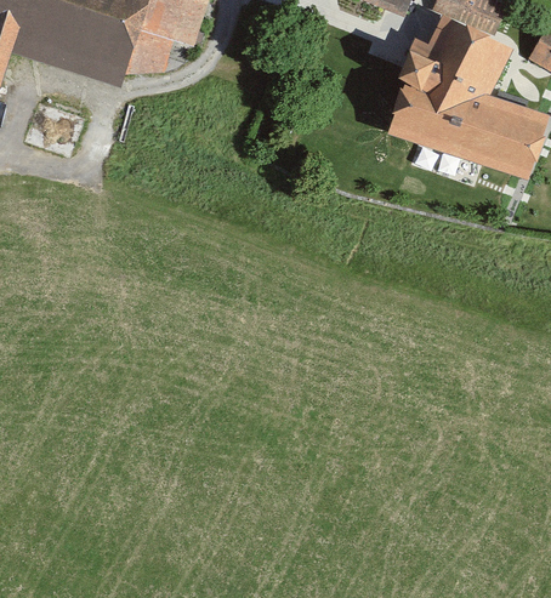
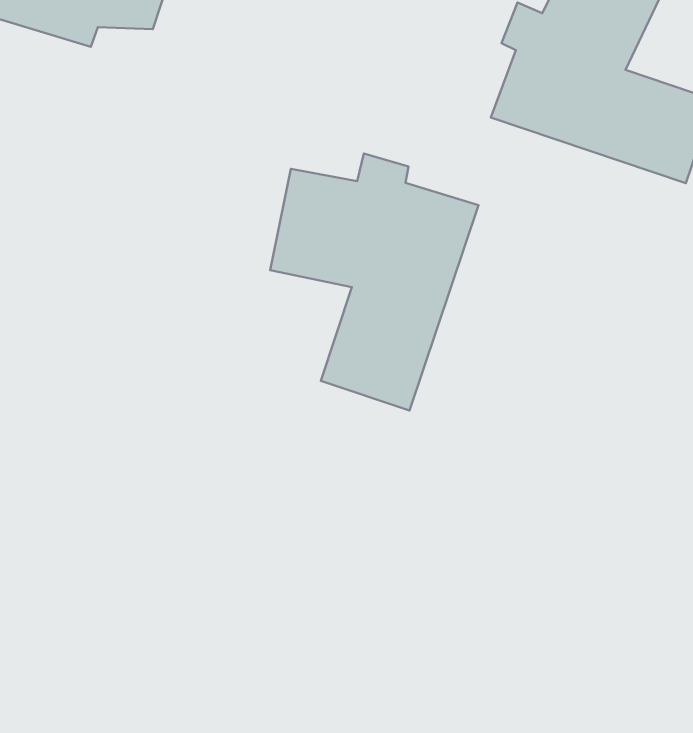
building: none -> [270,154,479,410]

